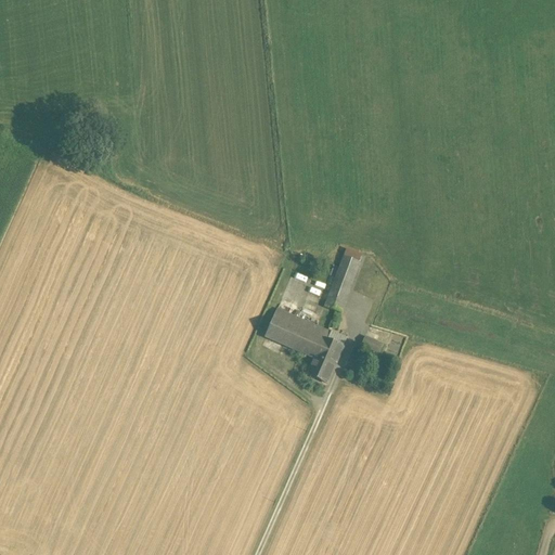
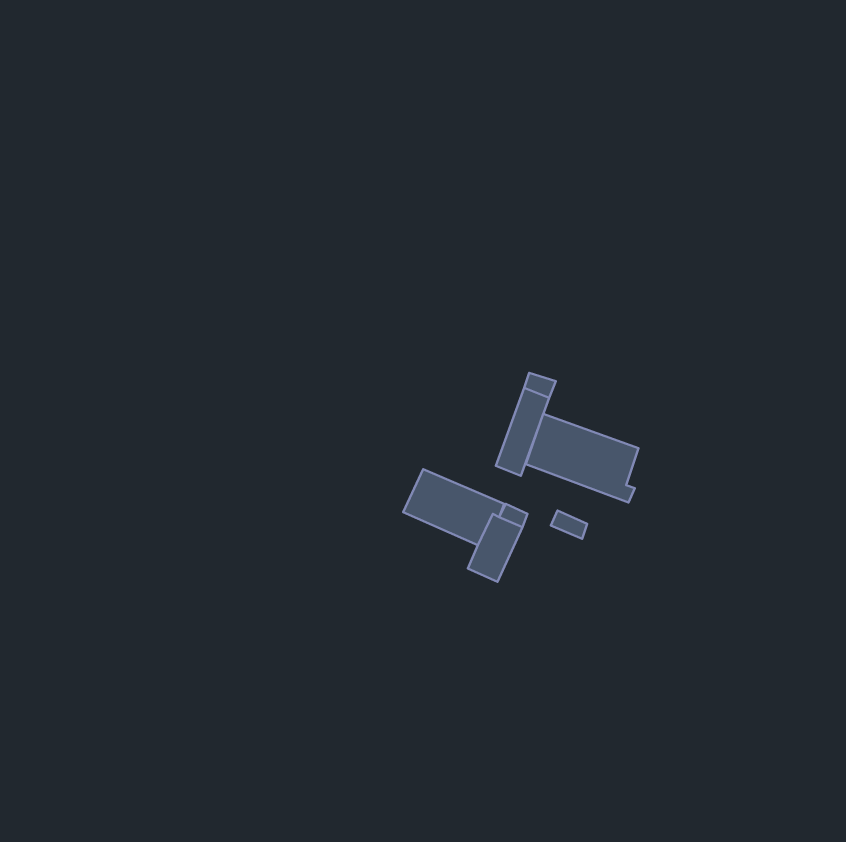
building: none -> [526,414,638,503]

